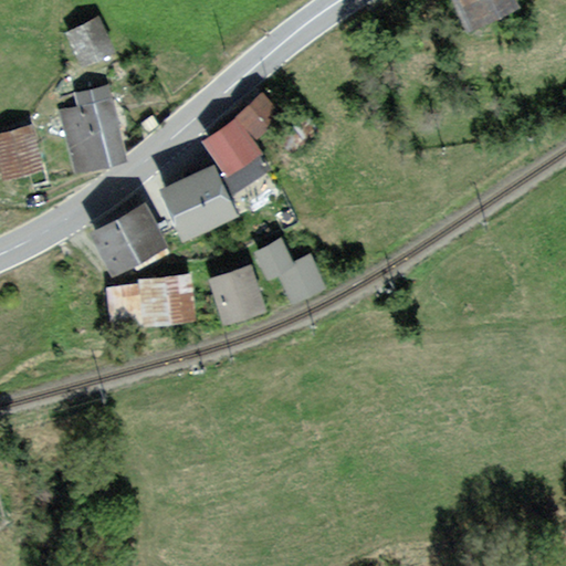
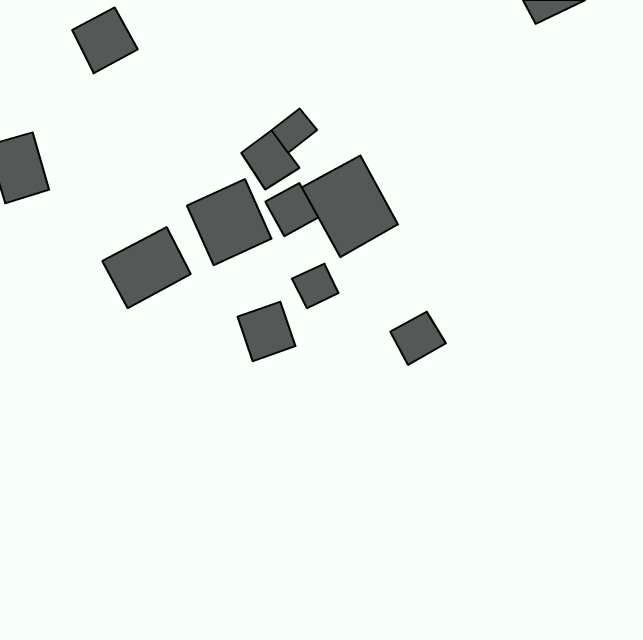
building: [59,94,129,174] -> none
building: none -> [302,155,398,257]
building: [275,260,324,306] -> [390,312,446,365]
building: [104,280,189,329] -> none

